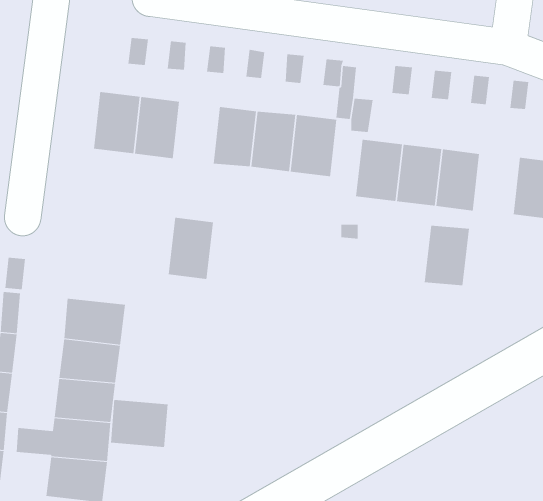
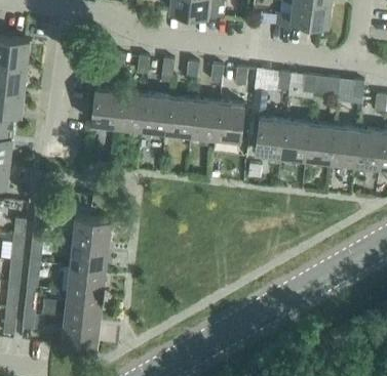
building: [168,217,214,279] -> [141,94,169,133]
building: [424,225,470,286] -> [328,127,357,165]
building: [110,399,168,448] -> none

